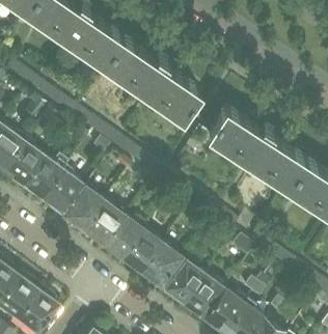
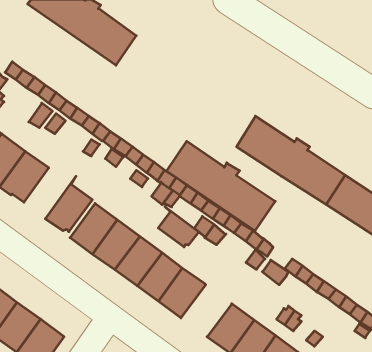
building: [103,37,198,116] -> [167,141,275,231]
building: [22,154,67,198] -> none
building: none -> [158,207,199,247]
building: [163,258,204,302] -> none

